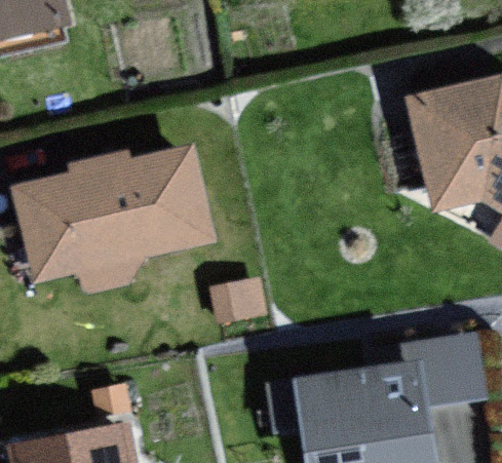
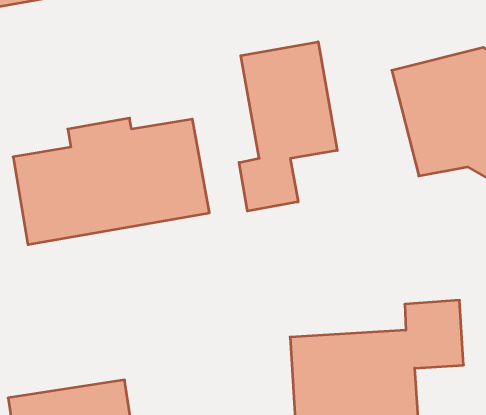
building: none -> [239,42,337,211]

